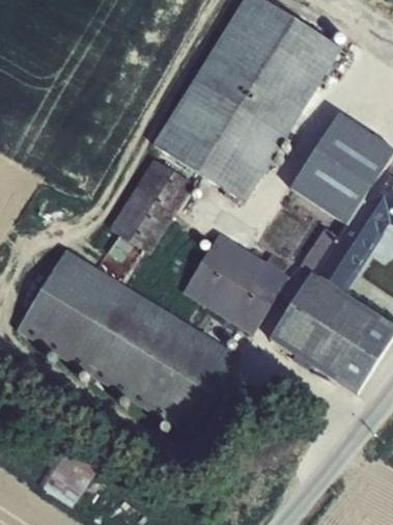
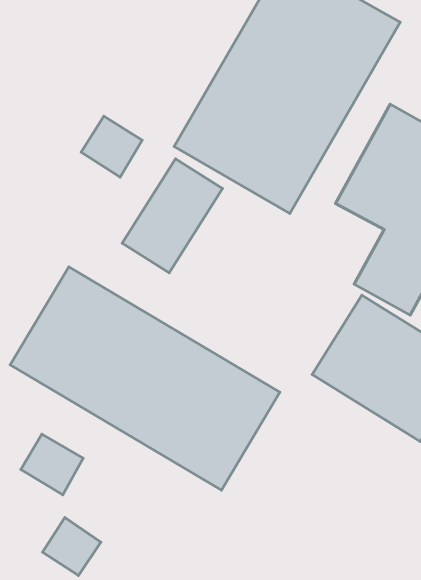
building: none -> [81,116,142,177]
building: [183,231,288,333] -> none
building: none -> [21,434,83,495]

